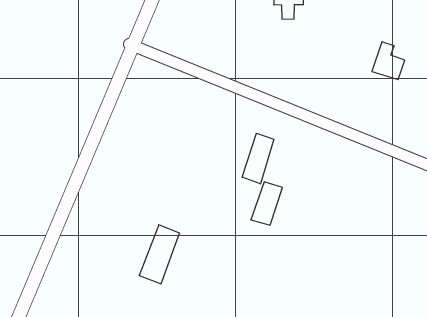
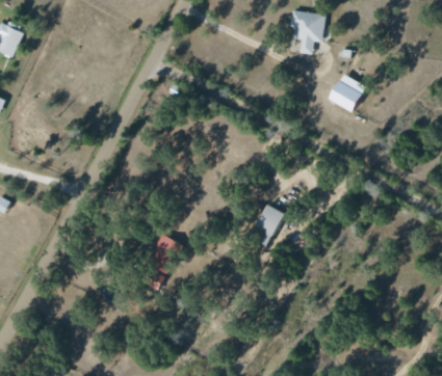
building: [372,42,405,80] -> [329,73,361,110]
building: [242,133,274,184] -> none

